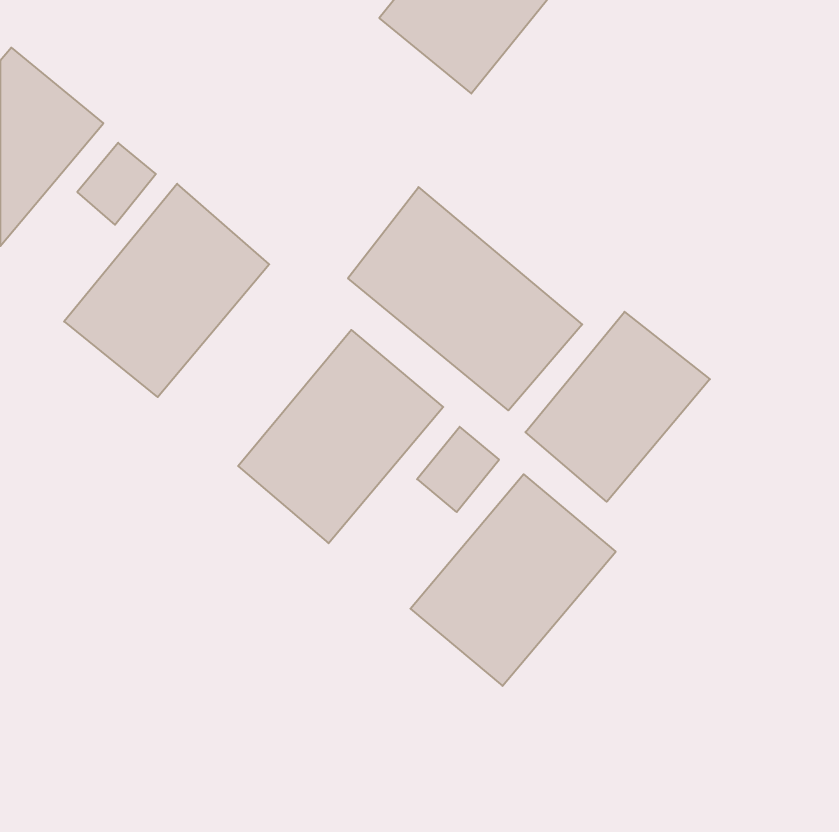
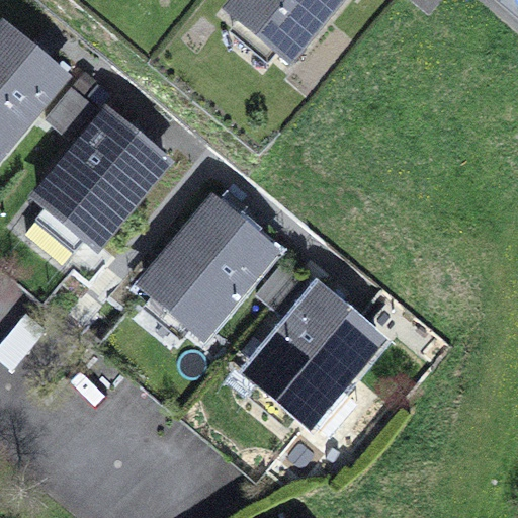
building: [348,187,582,410] -> none
building: [525,312,710,502] -> none

